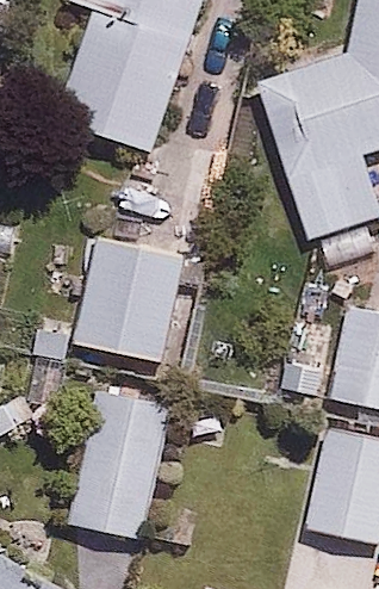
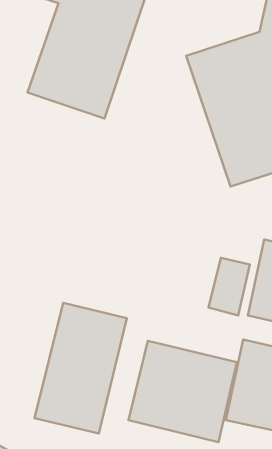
building: [74,235,188,367] -> none
building: none -> [129,341,237,442]

